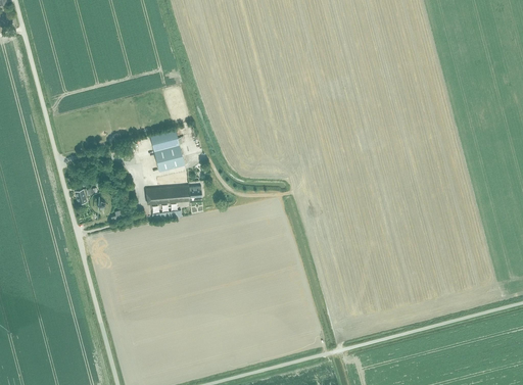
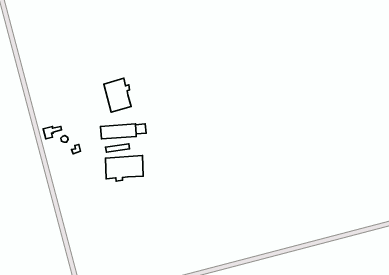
building: none -> [105,155,143,181]

